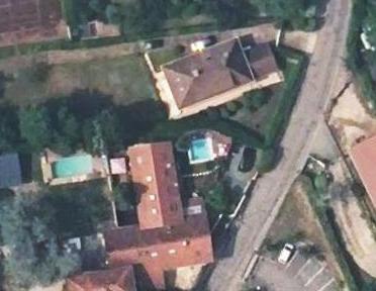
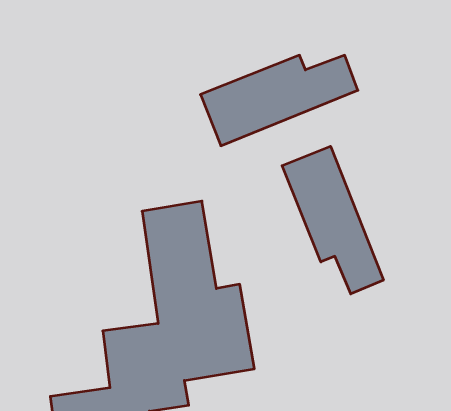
building: none -> [282,146,383,294]

